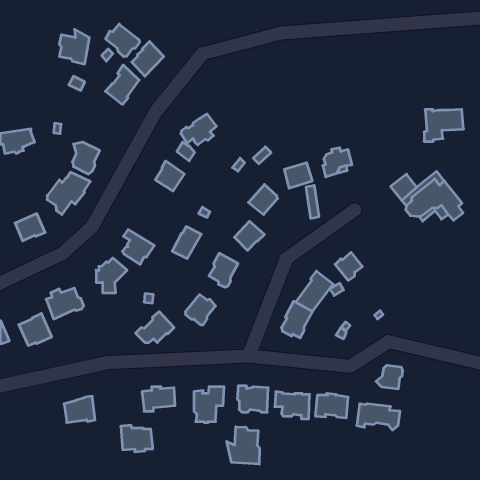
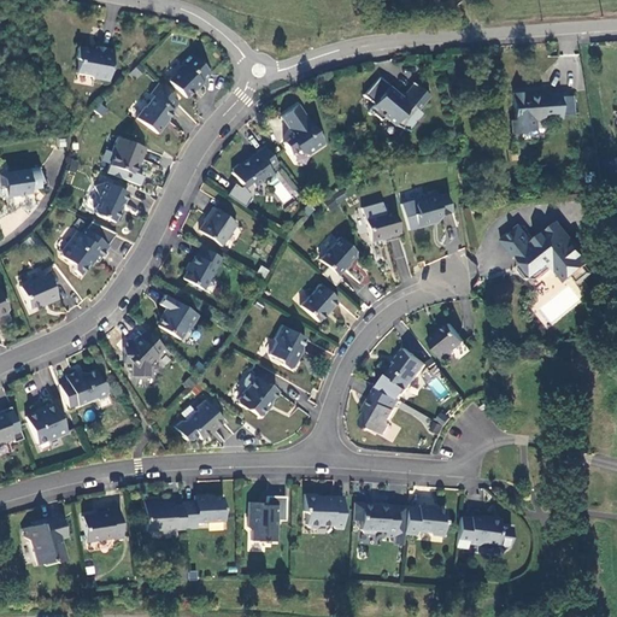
building: [106,24,140,57] -> none
building: none -> [365,76,430,130]
building: none -> [281,104,325,154]
building: none -> [110,136,146,172]
building: [424,109,464,141] -> [512,92,563,133]
building: [172,227,201,259] -> [184,247,222,288]
building: [376,365,402,389] -> none
building: none -> [23,515,67,565]
building: [121,425,153,452] -> [145,499,186,533]
building: [227,427,260,464] -> none

